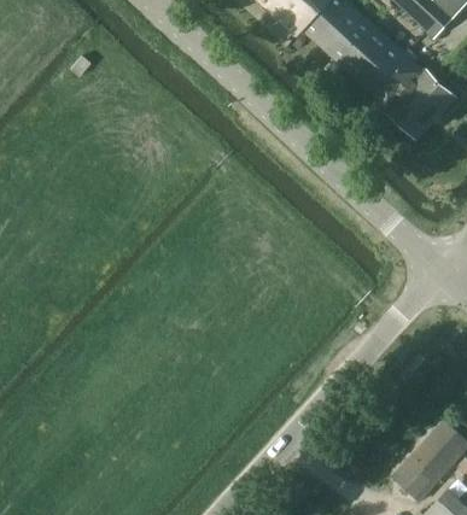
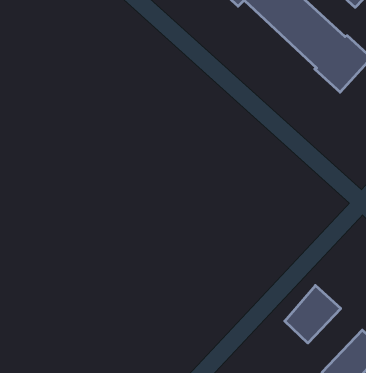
building: none -> [285,285,341,343]

